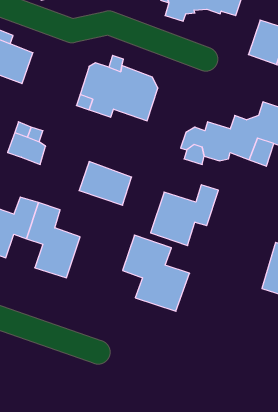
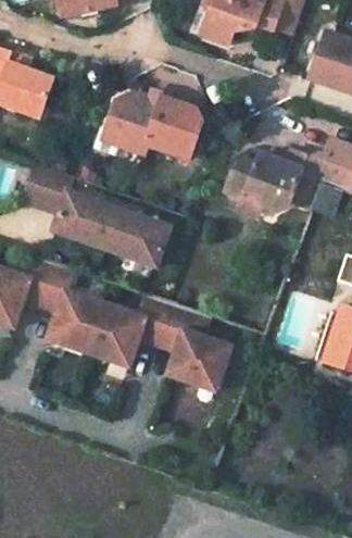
building: none -> [51,191,115,245]
building: [151,185,218,246] -> [88,291,169,364]

